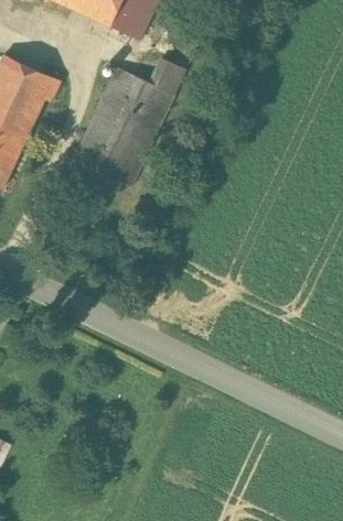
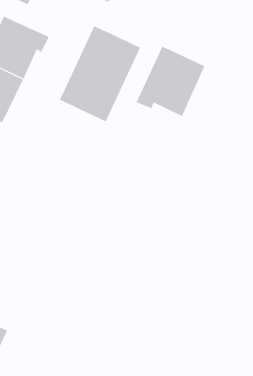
building: [150,56,186,93] -> none
building: none -> [136,46,205,117]

